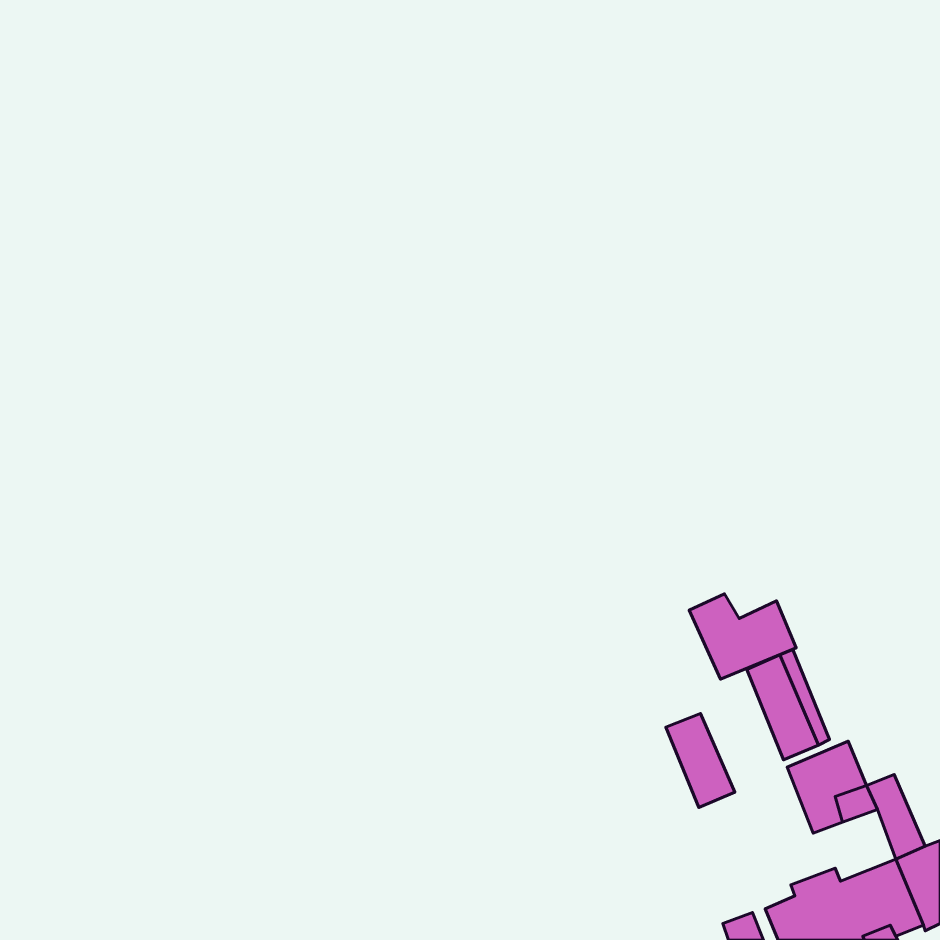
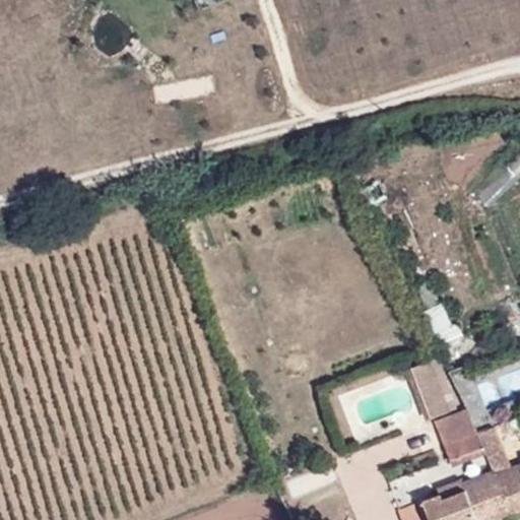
building: [689,594,796,679] -> none
building: [666,713,735,807] -> none

